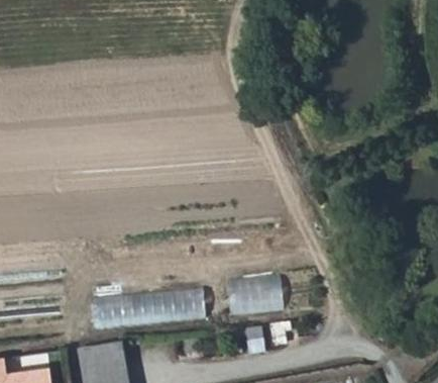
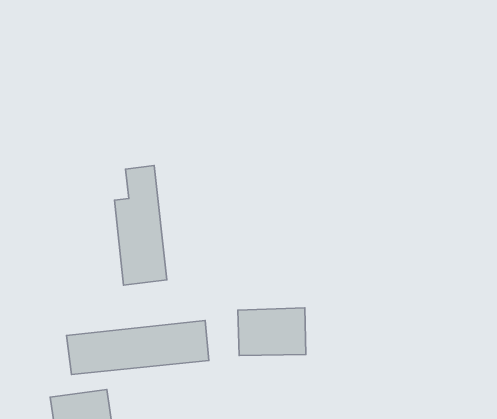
building: none -> [114,165,167,285]

